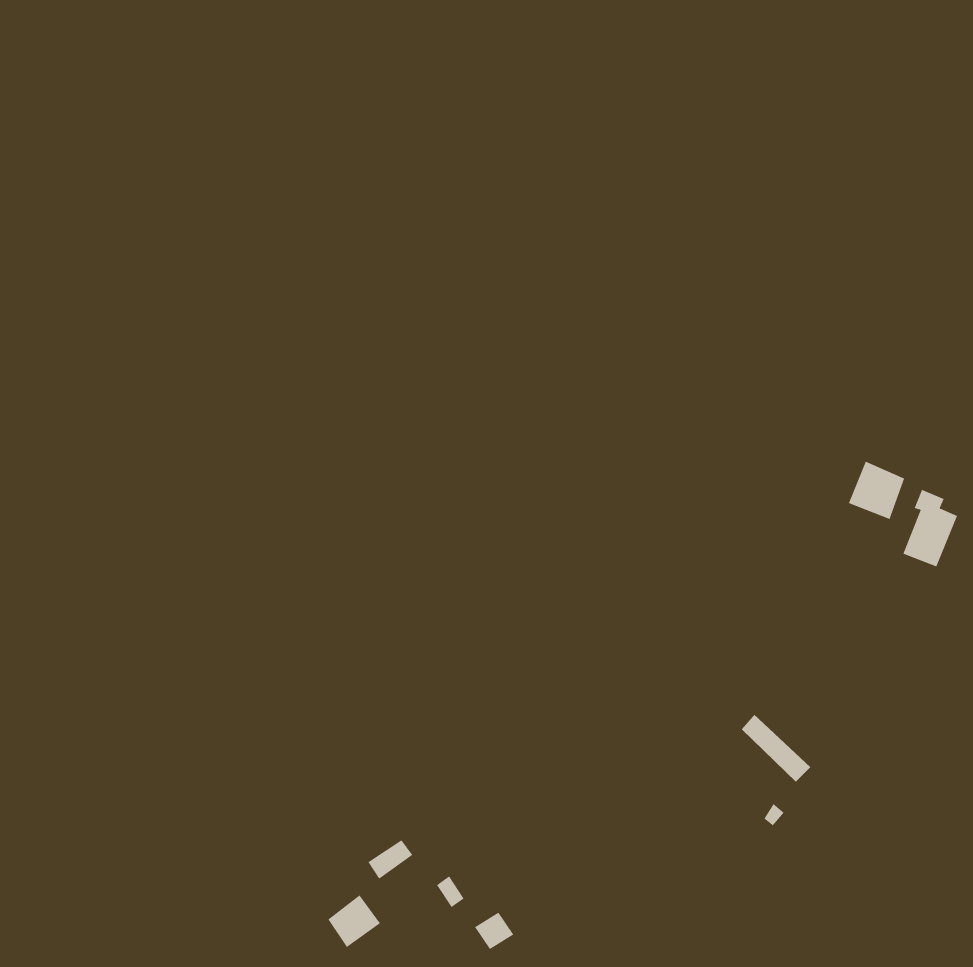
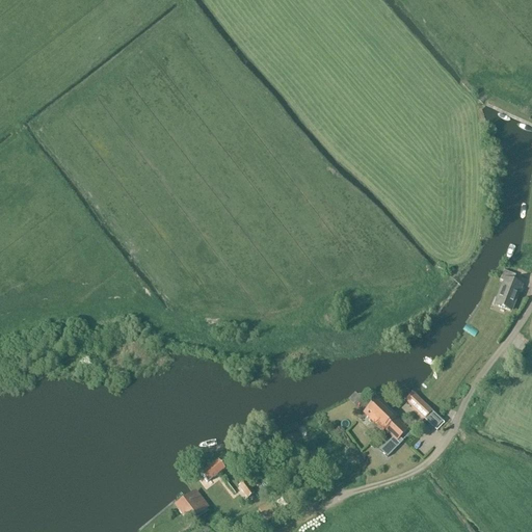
building: [848,461,905,520] -> none
building: none -> [364,396,405,455]

